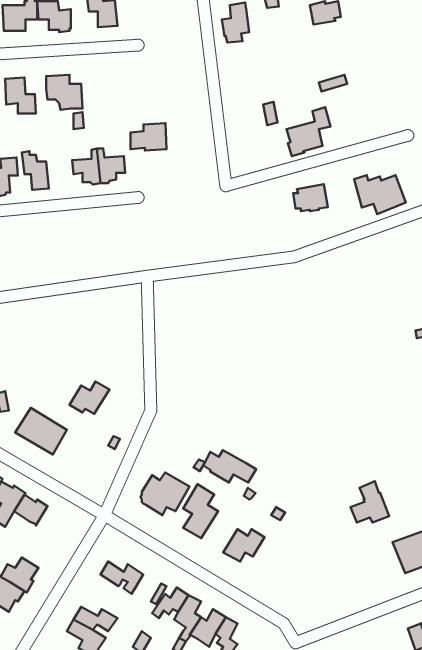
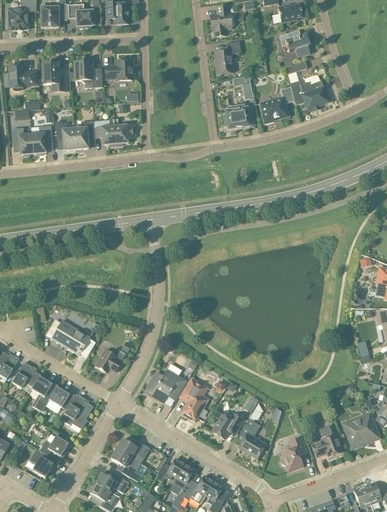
building: none -> [279,32,310,57]
building: none -> [214,41,240,74]
building: [130,123,167,150] -> [105,59,133,80]
building: none -> [74,120,94,149]
building: [354,175,406,214] -> [289,80,329,110]
building: [293,184,328,211] -> [222,107,249,128]
building: [70,382,110,414] -> [95,347,126,372]
building: [203,450,256,482] -> none
building: [350,481,389,523] -> [311,424,341,456]
building: none -> [61,393,93,429]
building: none -> [238,418,265,458]
building: none -> [280,436,306,471]
building: none -> [110,448,141,481]

